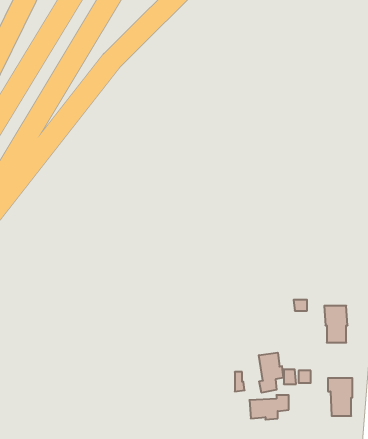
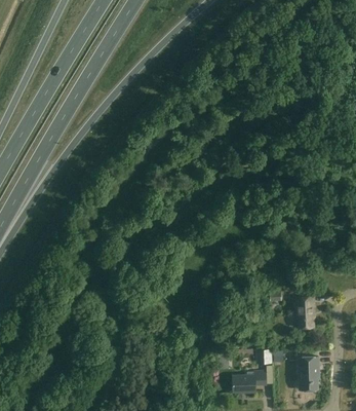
building: [259,353,283,393] -> none

